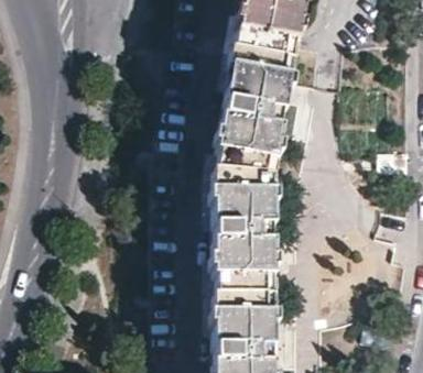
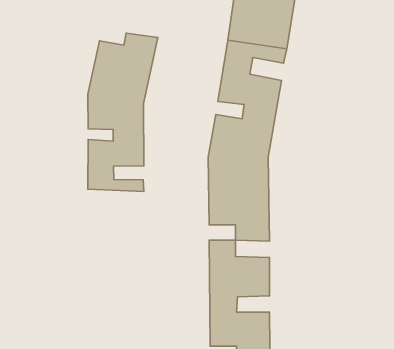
building: none -> [88,33,158,192]

